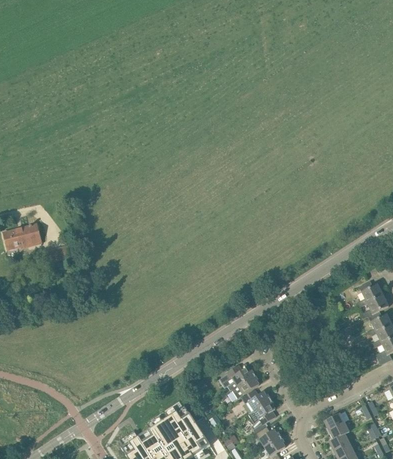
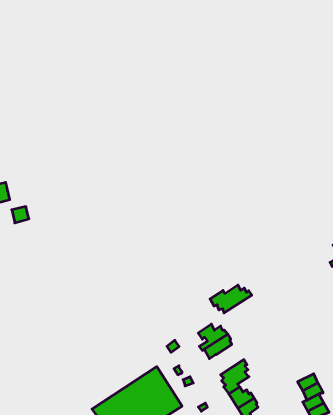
building: none -> [210,285,252,313]
building: [243,390,272,415] -> none

